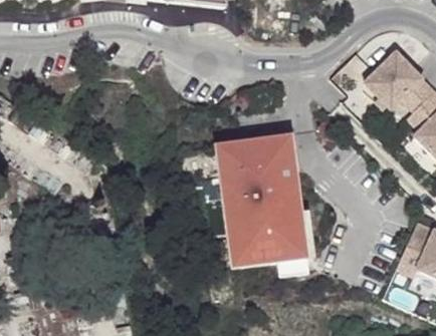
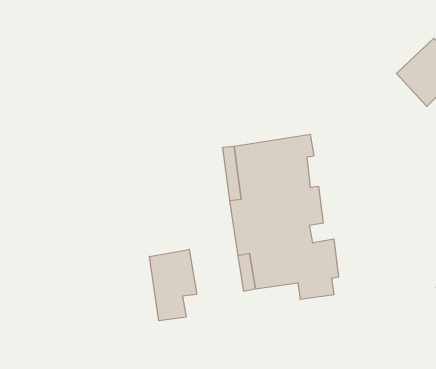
building: none -> [149,249,197,321]

